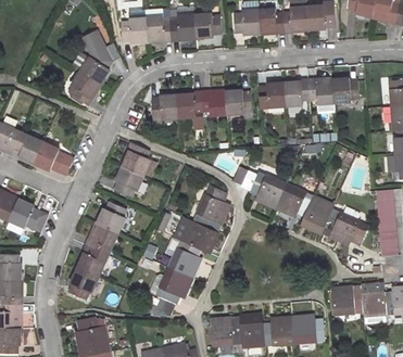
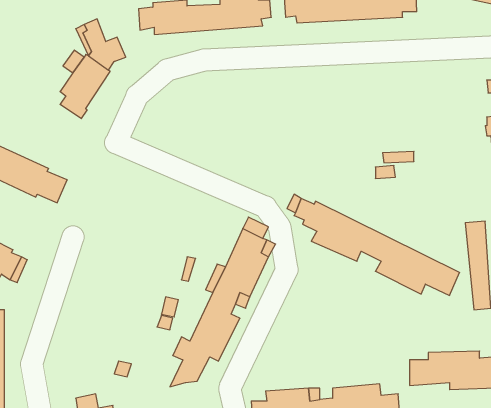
building: [259,81,358,106] -> none
building: [153,90,251,118] -> none
building: [116,142,160,199] -> none
building: [70,199,129,296] -> none

